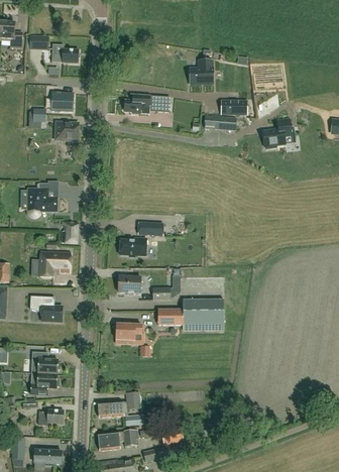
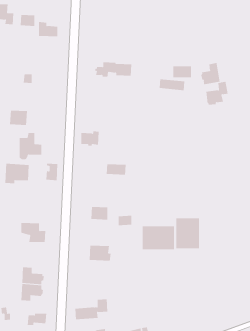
building: [190,60,213,83] -> none
building: [51,91,74,111] -> none
building: none -> [201,62,220,85]
building: [55,121,79,140] -> [9,110,28,125]
building: [120,237,144,256] -> [80,131,100,146]
building: [39,250,71,276] -> [5,163,30,184]
building: none -> [176,217,200,249]
building: [158,310,183,325] -> none

